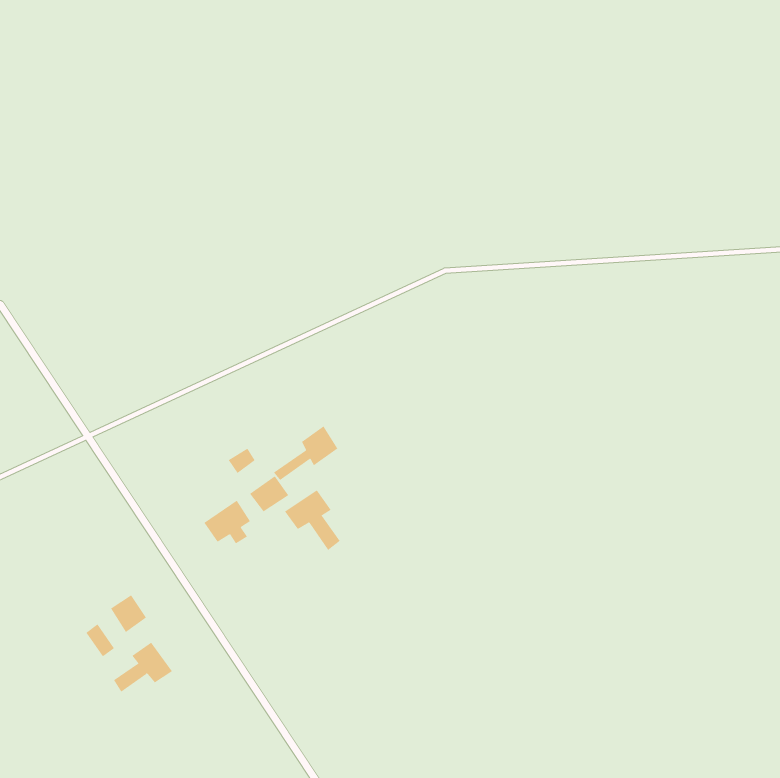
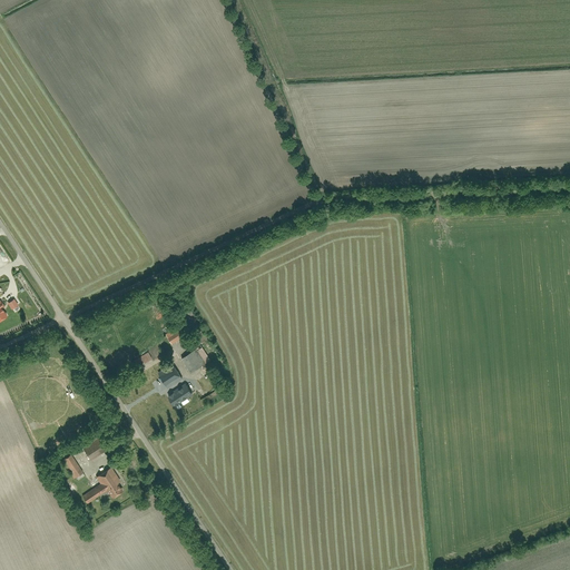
building: [273,426,338,481] -> none
building: [284,490,340,551] -> none

